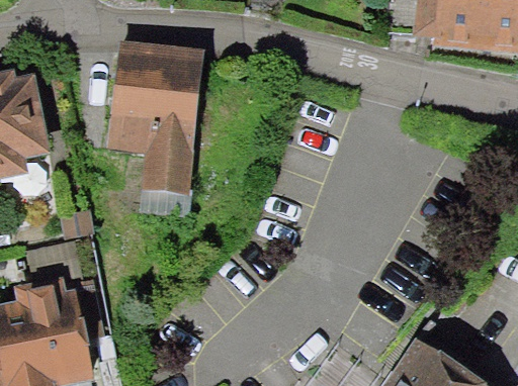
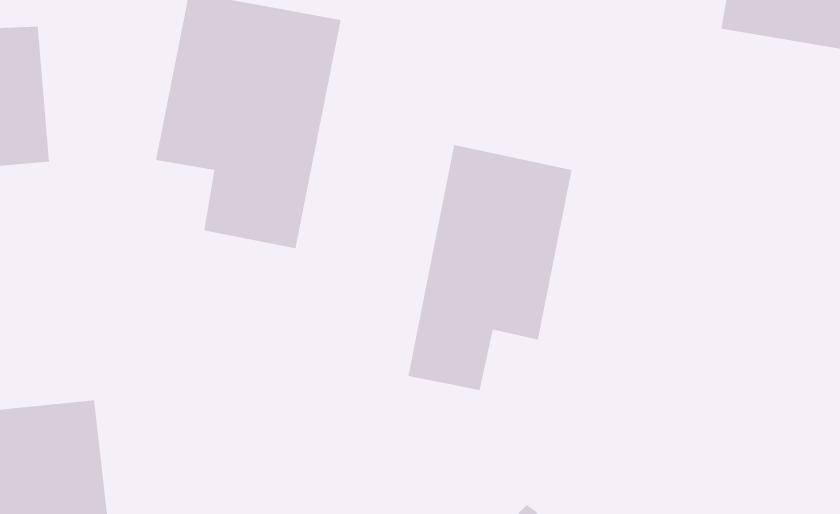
building: none -> [408,144,572,391]

